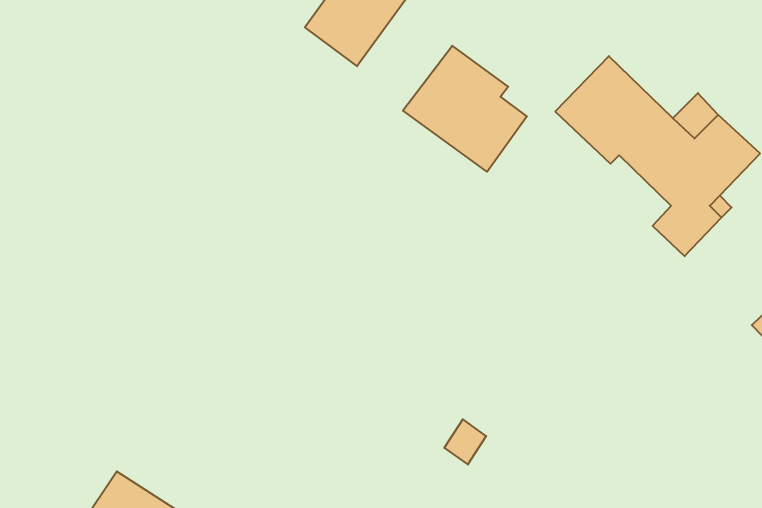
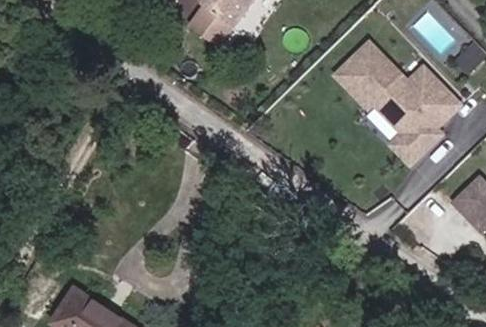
building: [403,46,527,172] -> none

